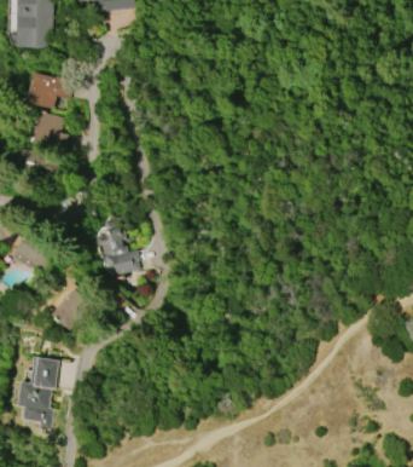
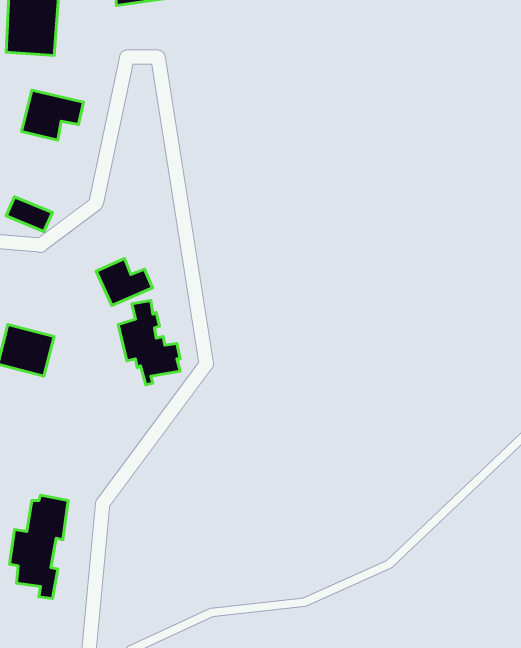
building: [29,113,66,145] -> none
building: none -> [96,258,153,306]
building: [47,286,91,327] -> none

